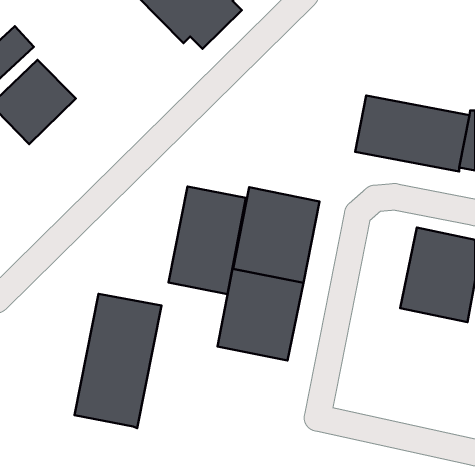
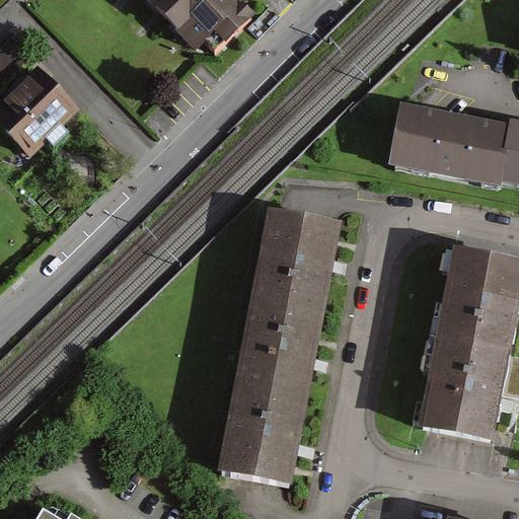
building: [169,187,246,294] -> none
building: [75,294,161,428] -> none
building: none -> [414,333,506,439]
building: none -> [217,375,311,480]

